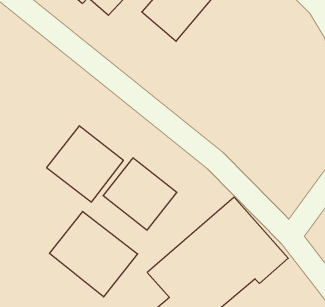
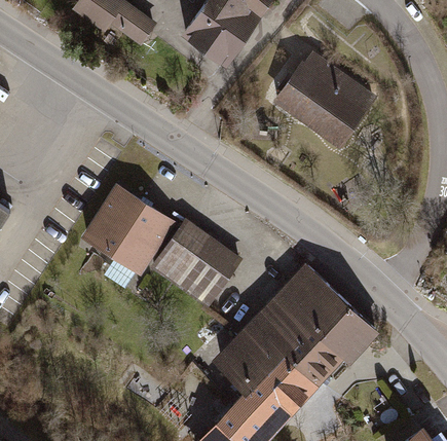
building: none -> [278,50,373,141]
building: [49,211,138,297] -> none

